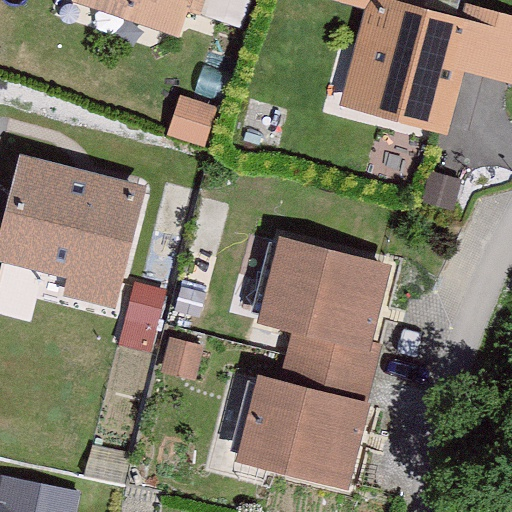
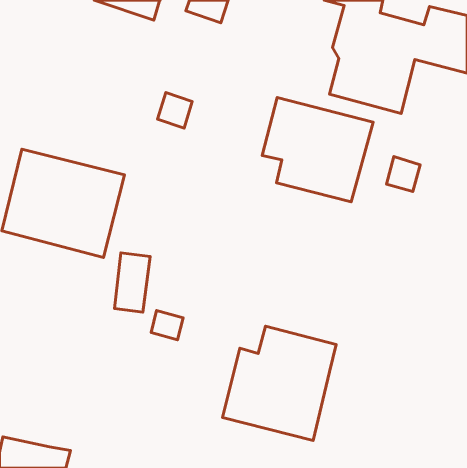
building: none -> [262,98,373,202]
building: [264,242,382,376] -> none

